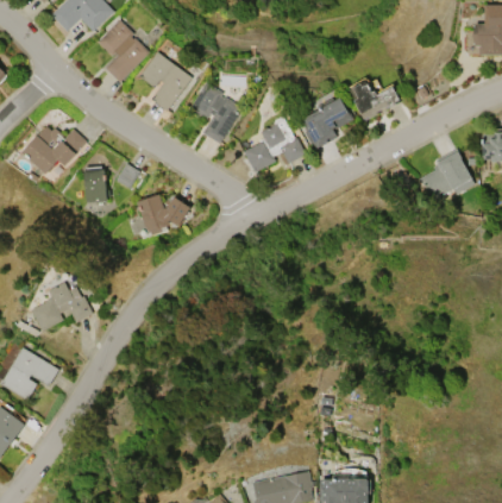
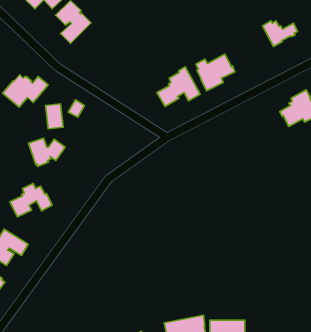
building: [139,51,192,111] -> none
building: [189,81,243,143] -> none
building: [350,83,400,120] -> [263,21,298,46]
building: [138,194,190,234] -> [28,138,65,166]

